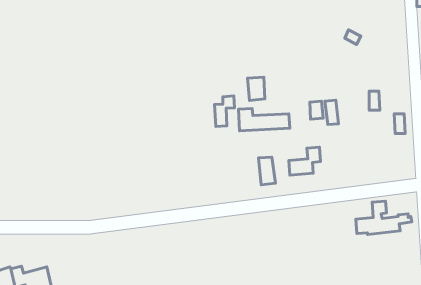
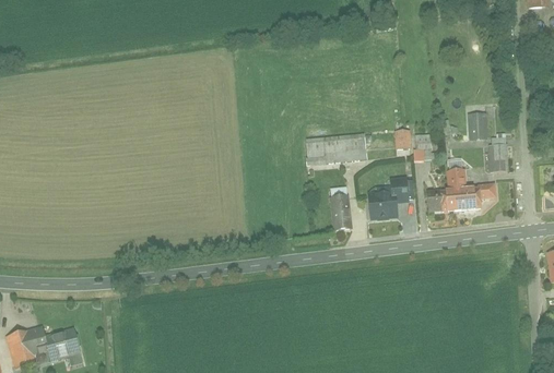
building: [248,77,265,100] -> none
building: [215,96,234,126] -> none
building: [356,201,412,235] -> [427,169,495,209]

